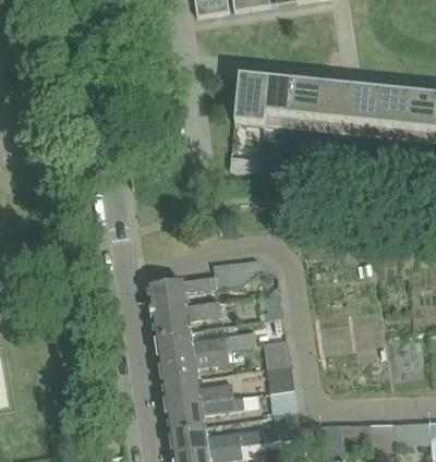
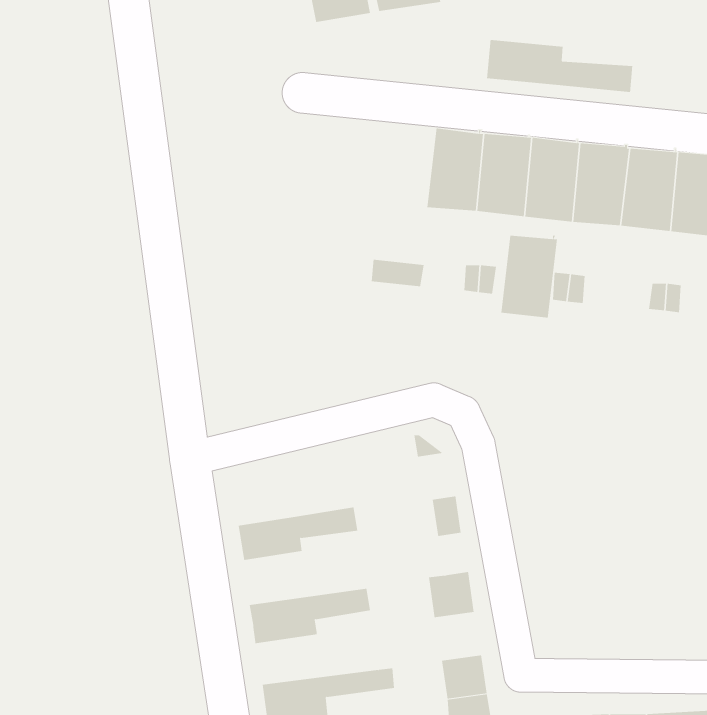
building: none -> [486,39,633,93]
building: [234,75,268,125] -> [501,233,558,318]
building: [147,262,243,313] -> none
building: [155,328,257,360] -> none
building: [267,364,295,392] -> none
building: [161,377,234,406] -> none

